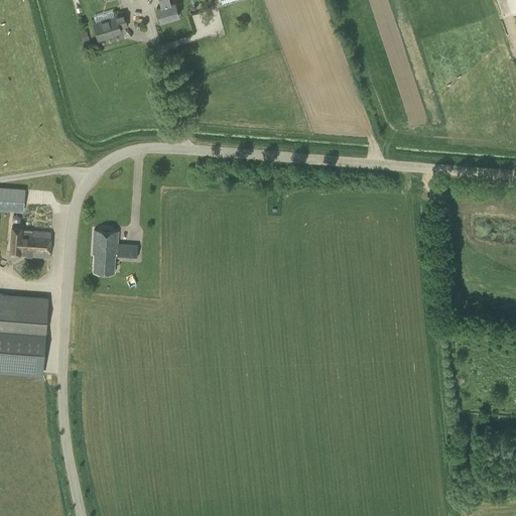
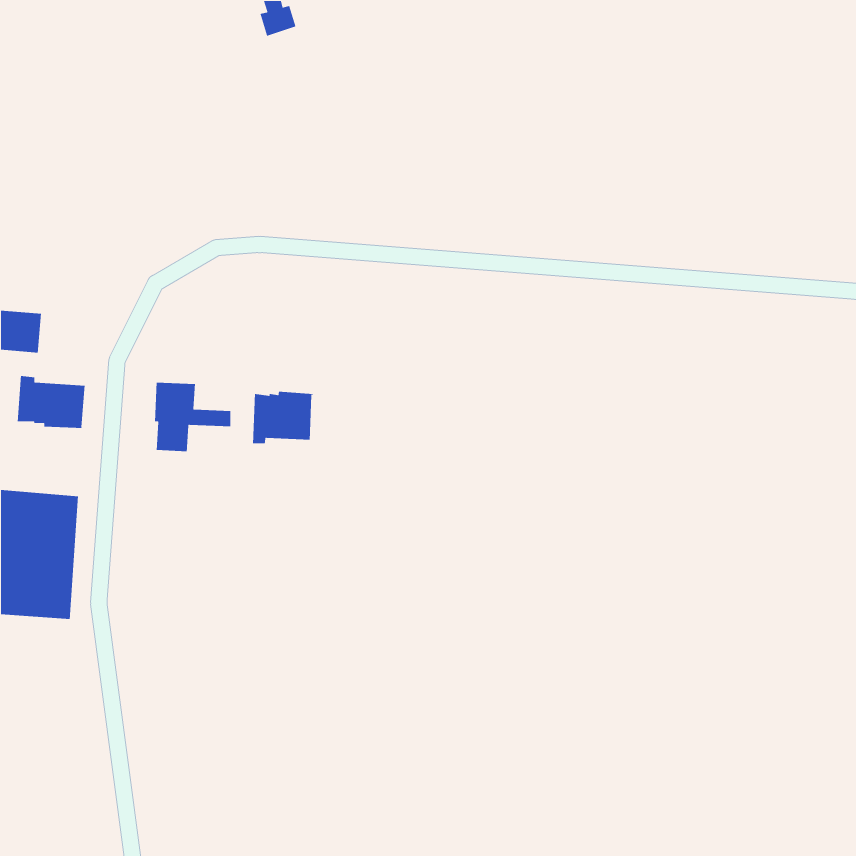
building: [94,12,127,40] -> none
building: none -> [252,391,314,444]

